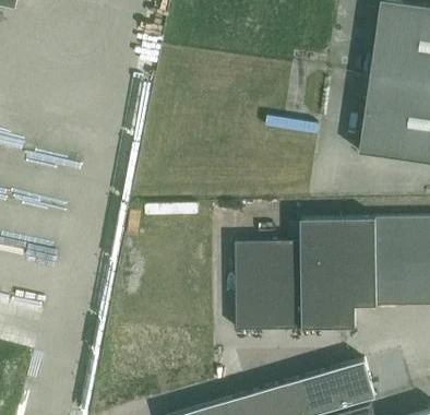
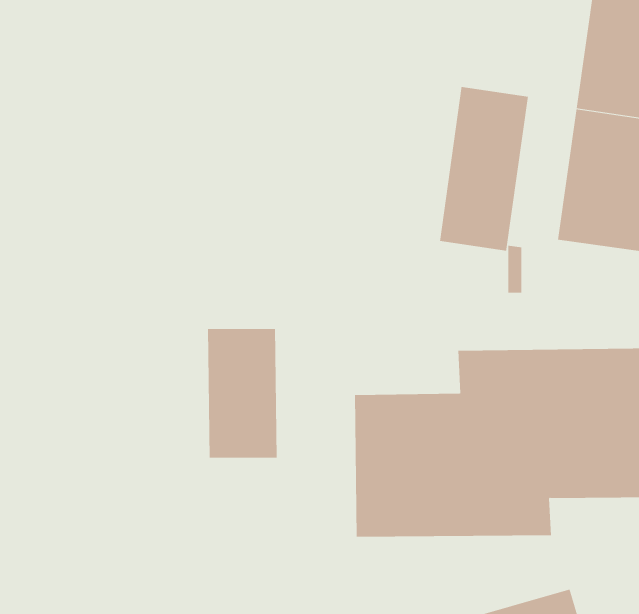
building: none -> [439,86,528,252]
building: none -> [207,328,277,459]

